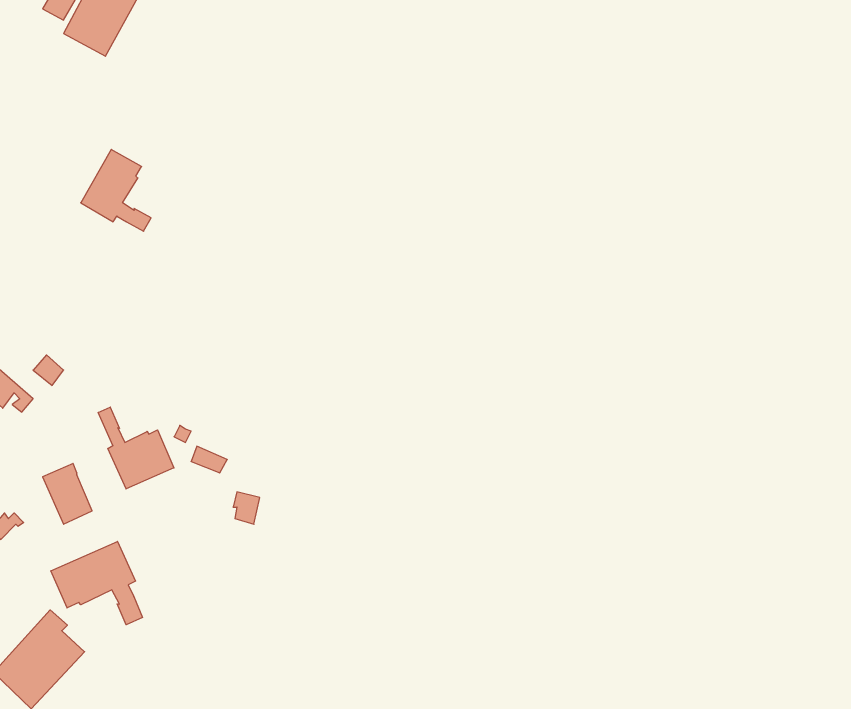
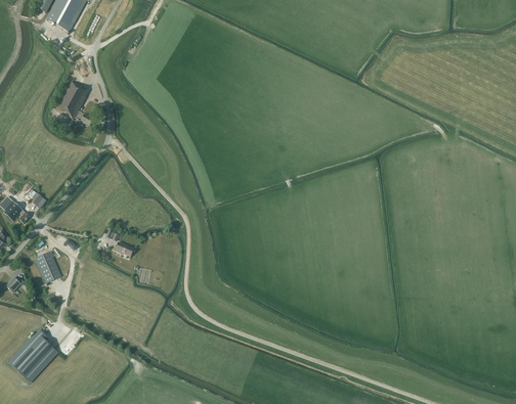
building: [98,407,174,489] -> none
building: [51,541,143,625] -> none

